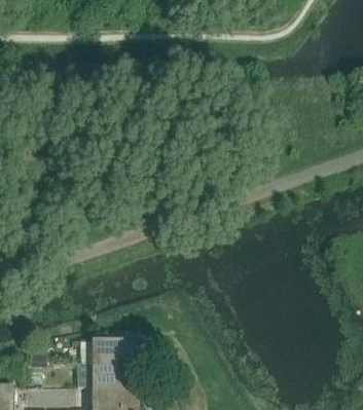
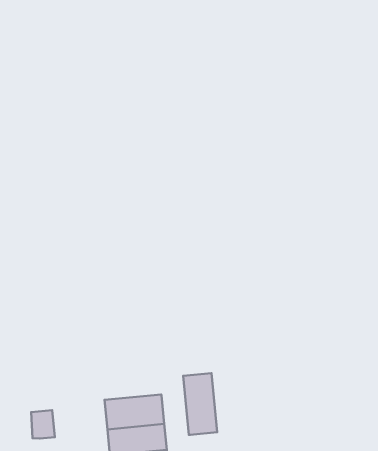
building: none -> [183,373,217,435]

